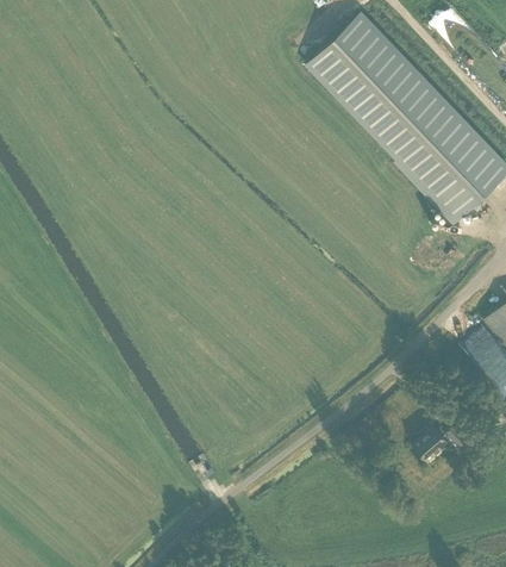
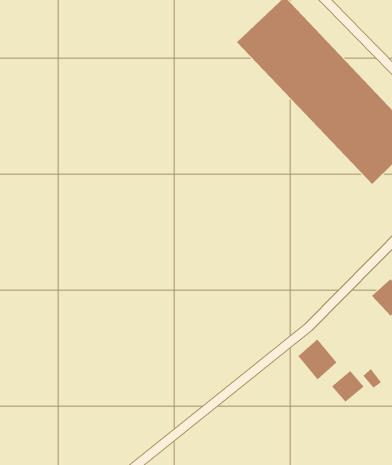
building: none -> [297,338,337,380]

